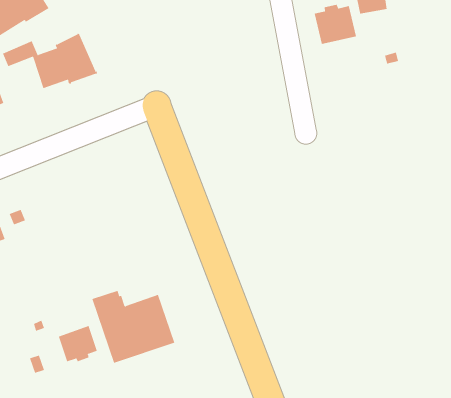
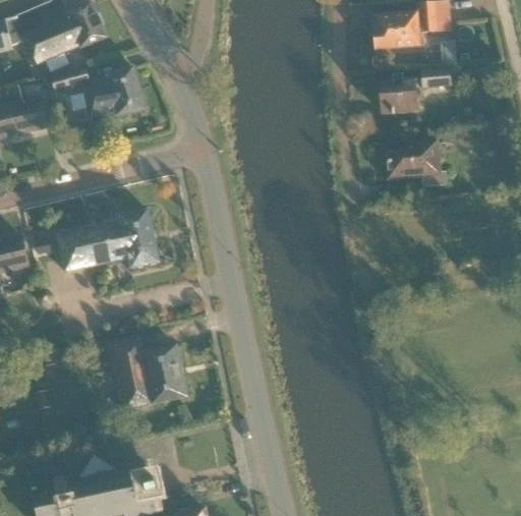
building: none -> [387,141,445,187]
building: none -> [58,211,160,272]
building: [58,325,98,362] -> none

